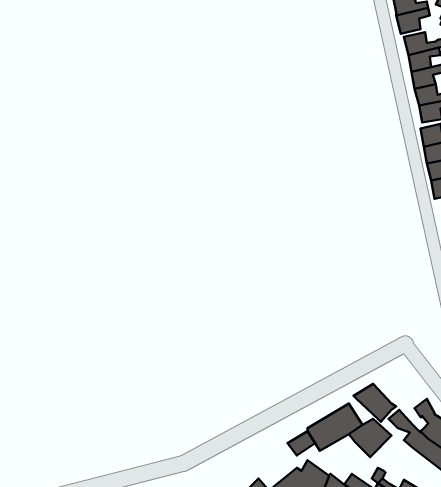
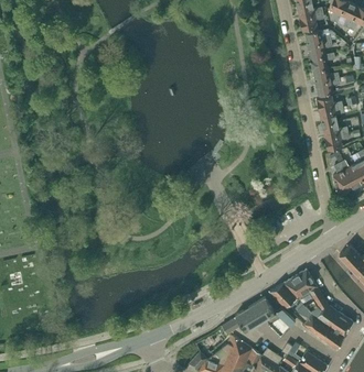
building: none -> [282,270,321,304]

